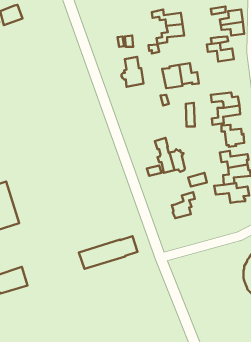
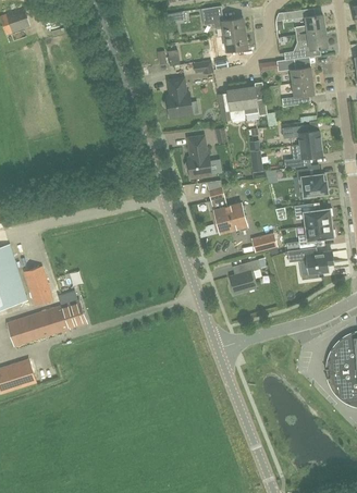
building: none -> [282,81,315,107]
building: none -> [185,135,222,177]
building: none -> [25,267,52,305]
building: [79,236,137,269] -> [8,301,86,345]

